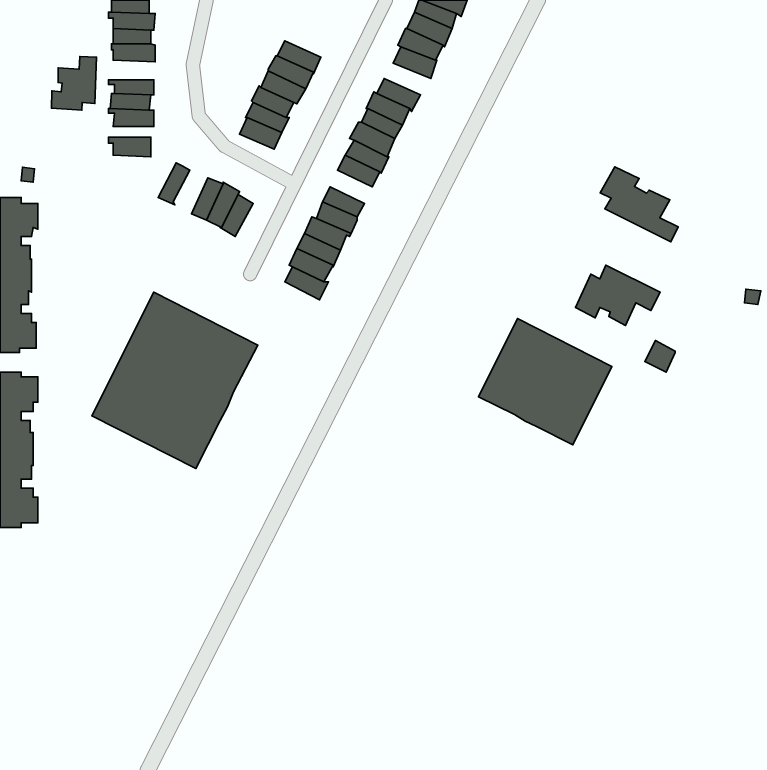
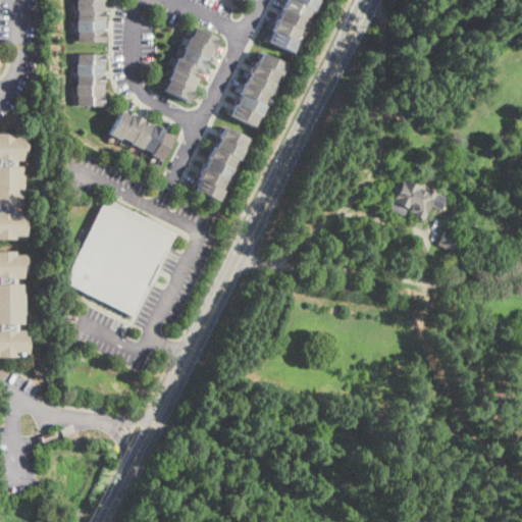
building: [52,56,97,110] -> none
building: [600,167,678,242] -> none
building: none -> [119,113,144,143]
building: [478,319,612,445] -> none

